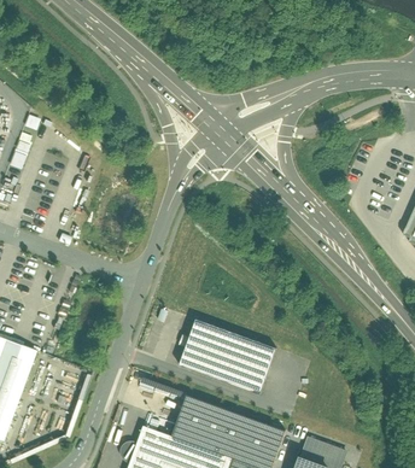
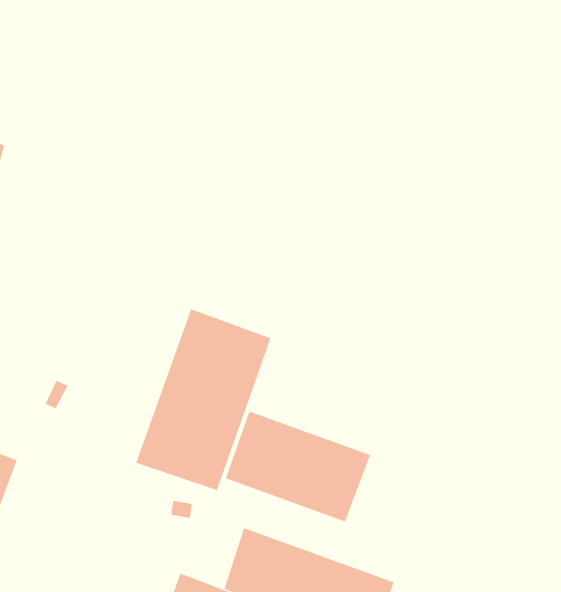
building: none -> [135,309,271,491]

